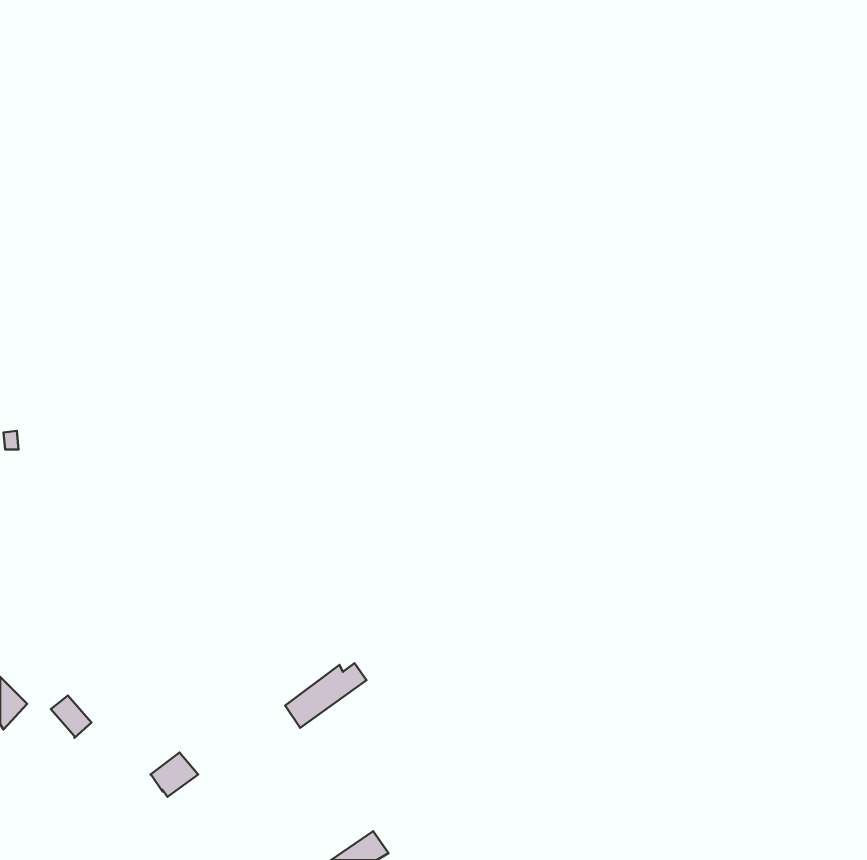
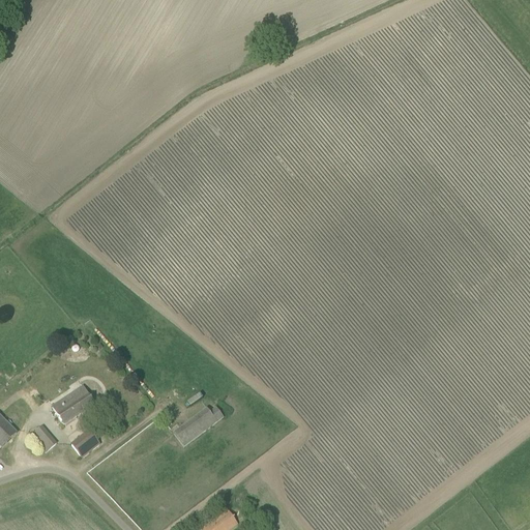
building: none -> [52,385,93,421]
building: [151,753,198,797] -> [71,429,100,455]

